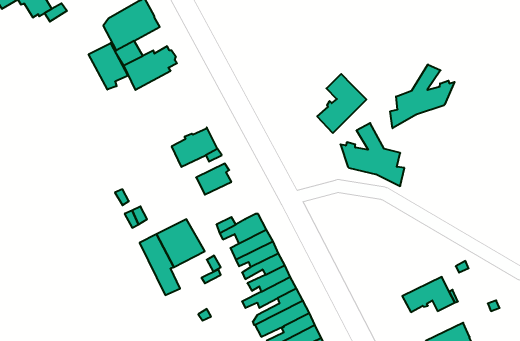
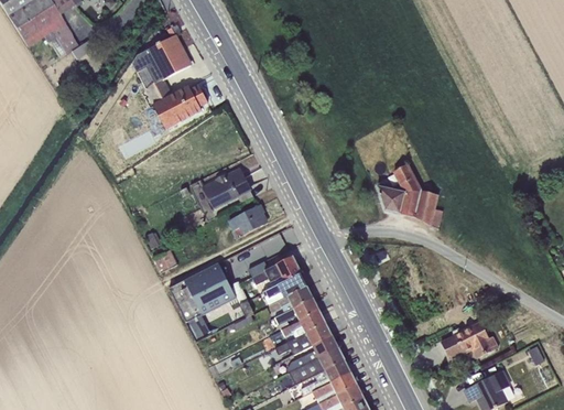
building: [89,43,128,90] -> none
building: [390,64,455,128] -> none
building: [317,74,366,133] -> none

